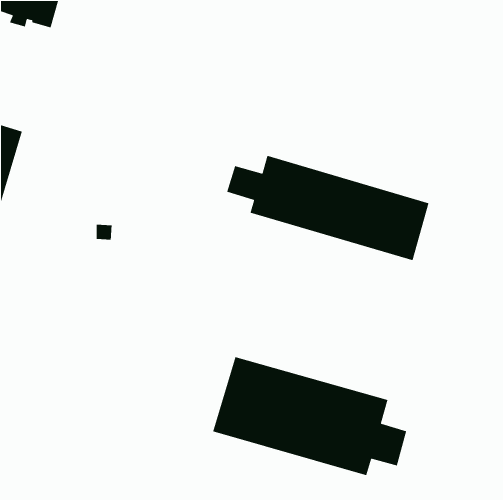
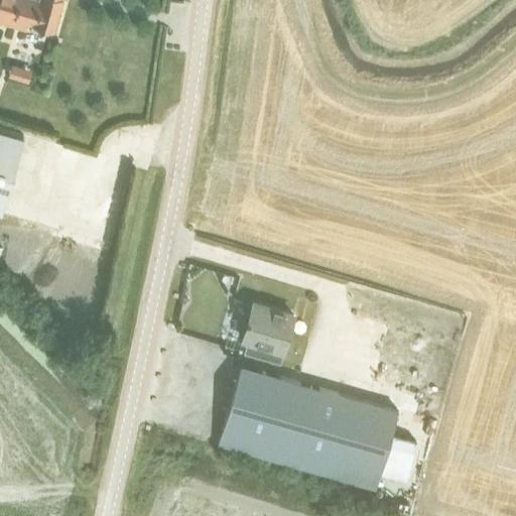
building: [226,155,429,261] -> none
building: none -> [243,305,294,364]

